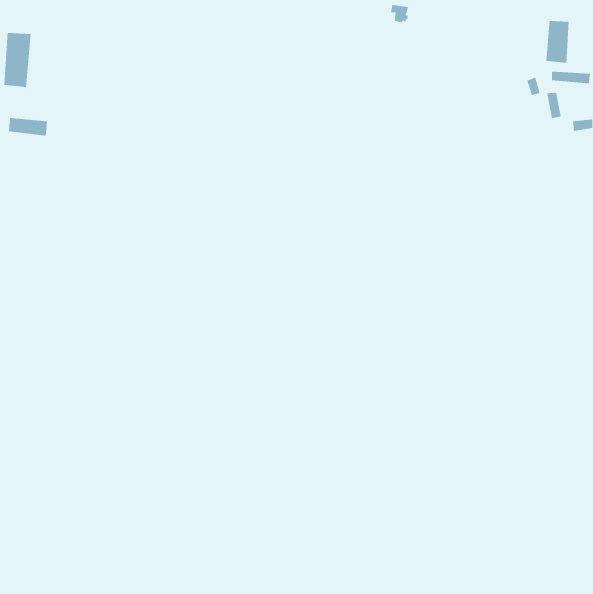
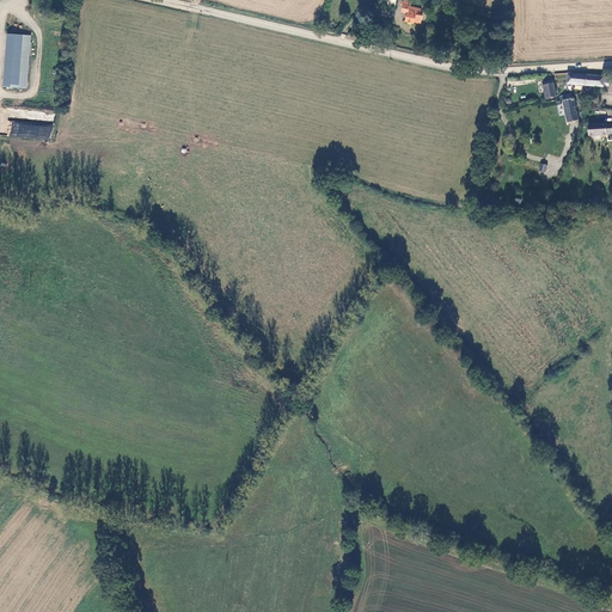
building: [546,20,569,63] -> none

